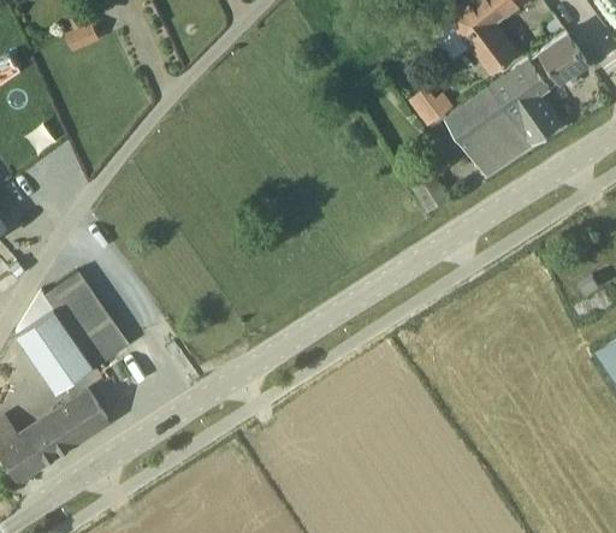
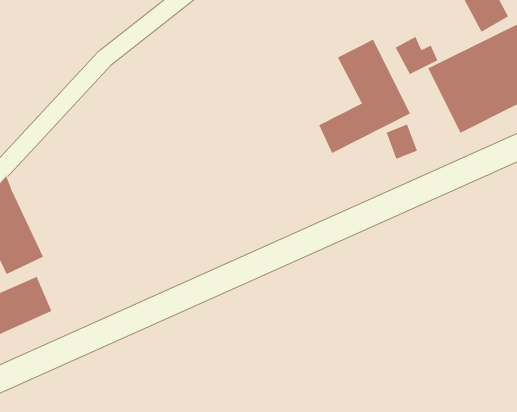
building: none -> [318,39,411,154]
building: [42,272,126,368] -> none

